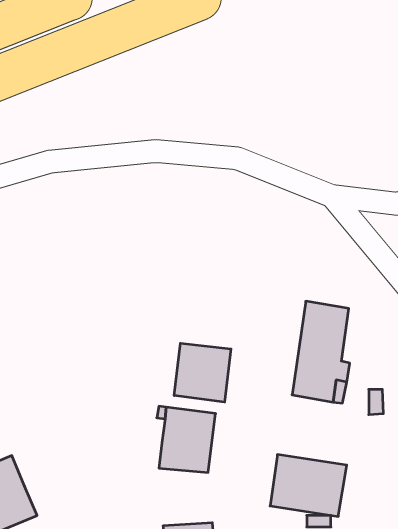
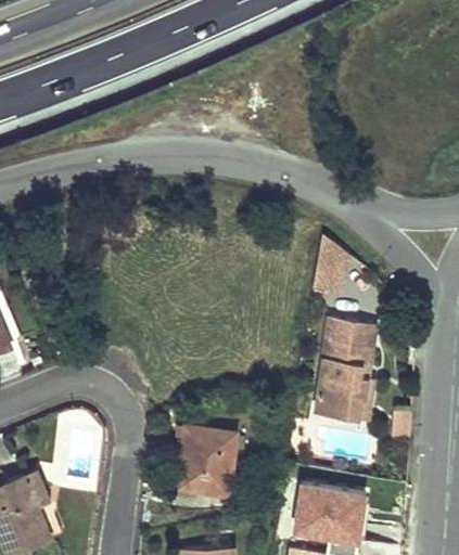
building: none -> [316,235,347,291]
building: [174,343,231,402] -> none

